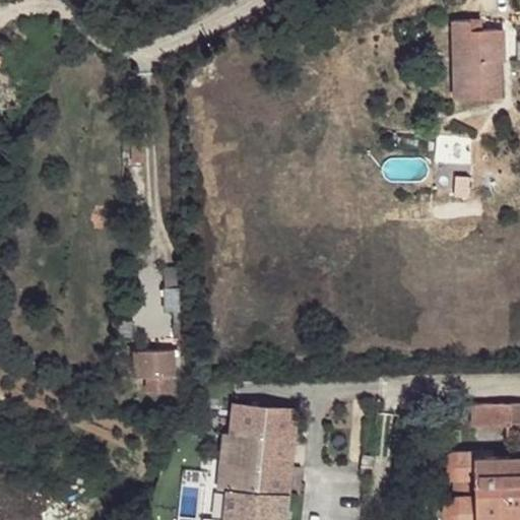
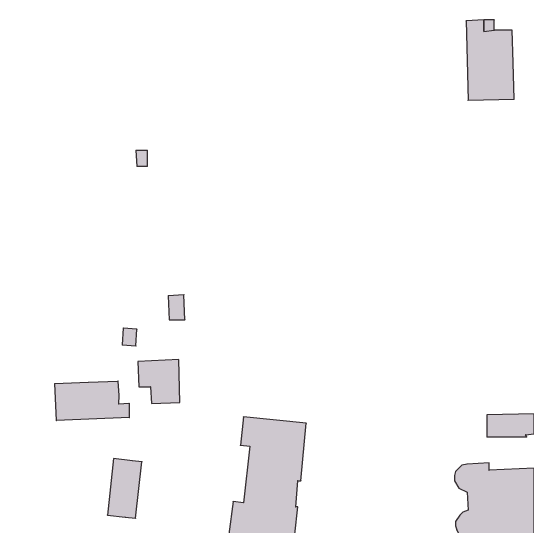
building: none -> [55,381,129,421]
building: [209,432,243,490] -> [107,459,142,518]

